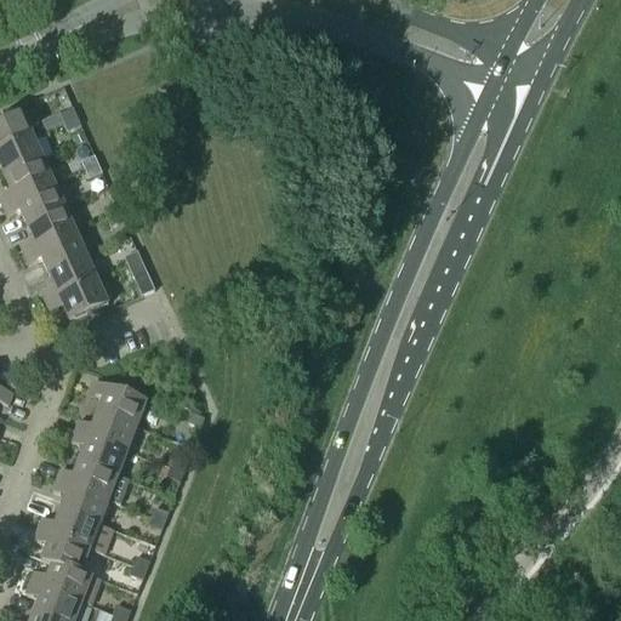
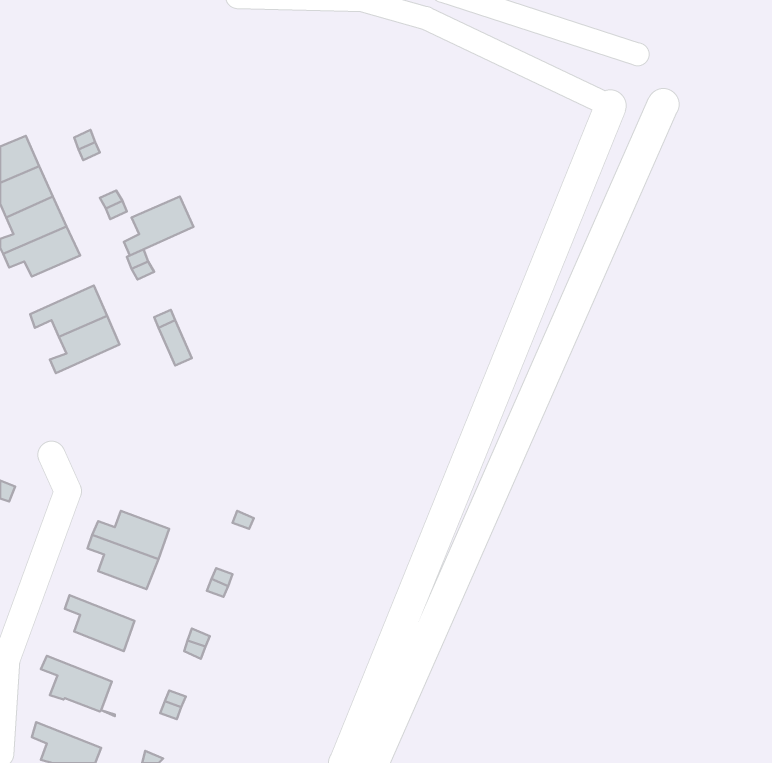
building: [19,205,75,252] -> [124,197,193,255]
building: [45,277,108,319] -> none
building: [89,380,146,425] -> none
building: [56,458,118,498] -> none
building: [38,507,99,547] -> none
building: [29,560,92,600] -> none

